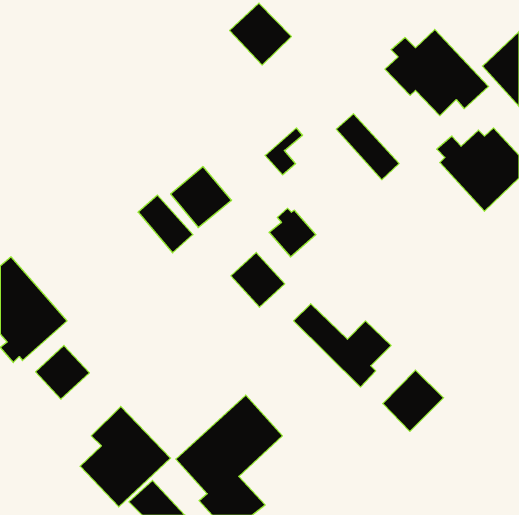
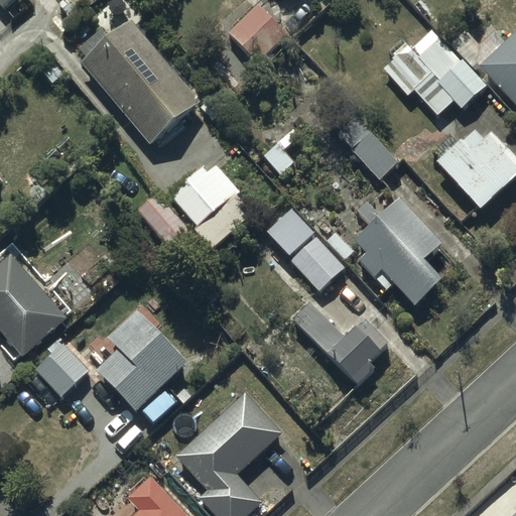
building: none -> [79,19,200,144]
building: none -> [353,197,442,304]
building: [231,252,285,307] -> [291,236,345,290]
building: [383,370,444,431] -> none
building: [80,406,171,507] -> [97,310,186,410]

